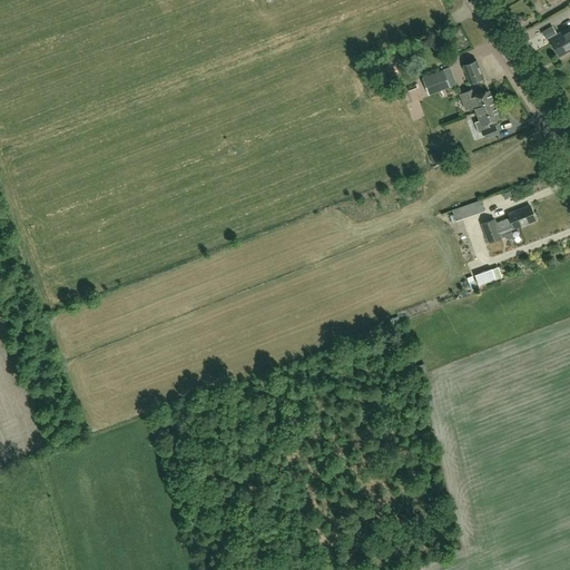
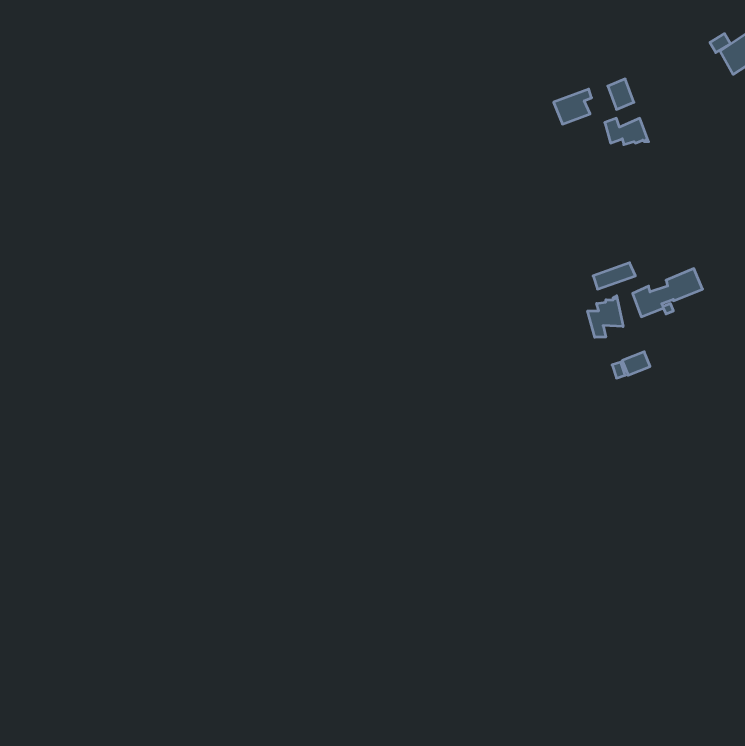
building: [475,107,500,139] -> none
building: none -> [588,296,623,337]

